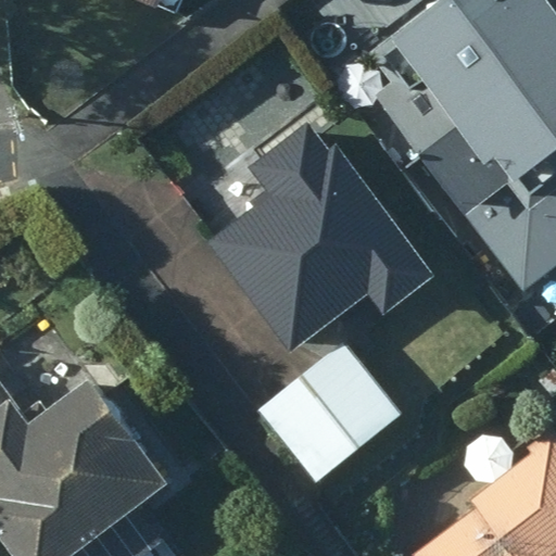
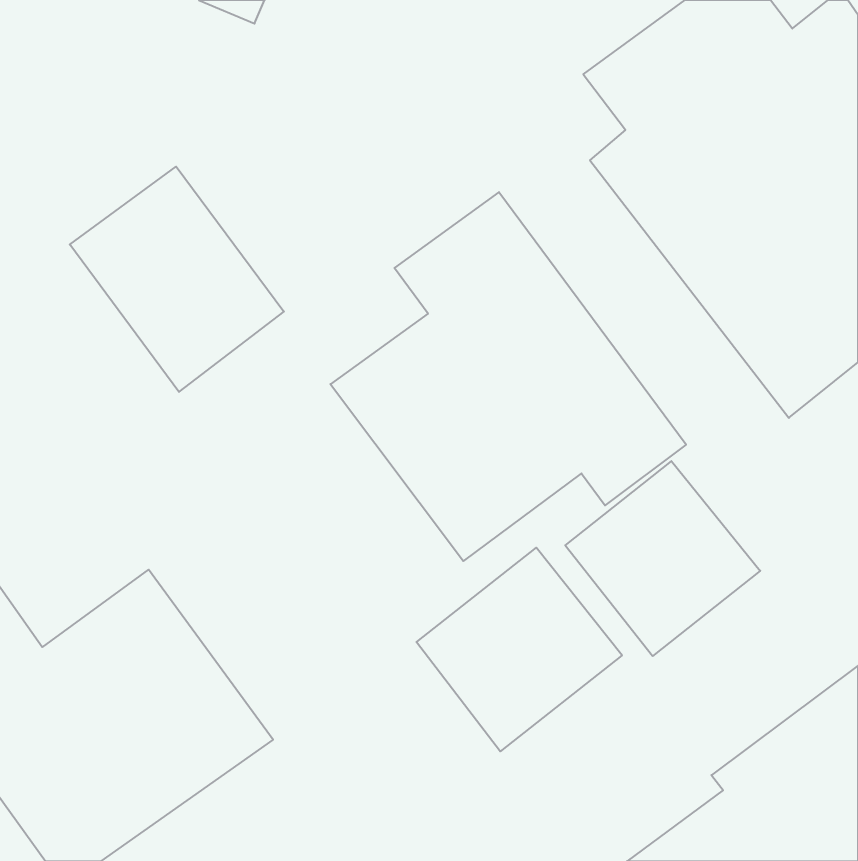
building: none -> [70,167,284,392]
building: none -> [565,461,760,656]

